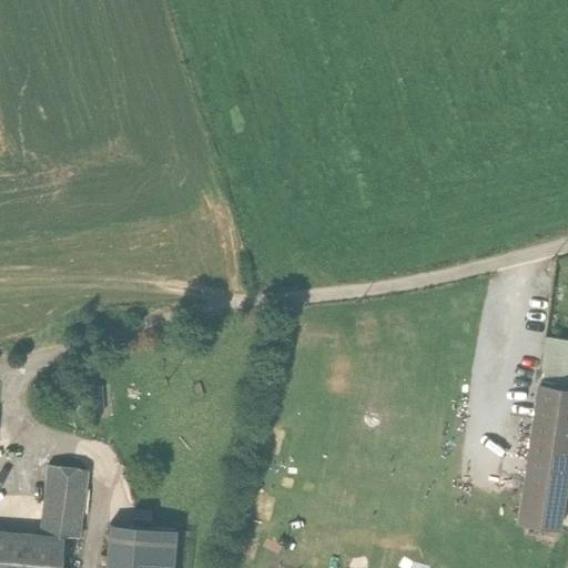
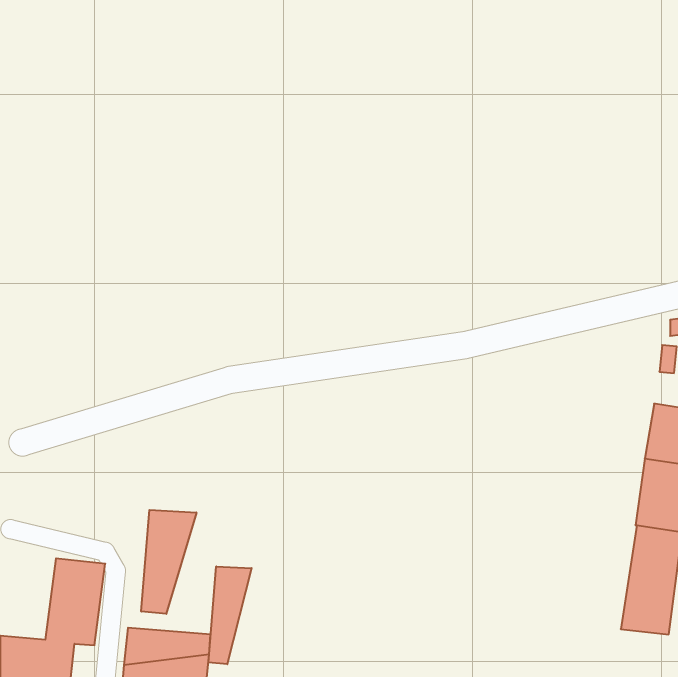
building: none -> [141,510,196,614]
building: none -> [208,566,252,664]

